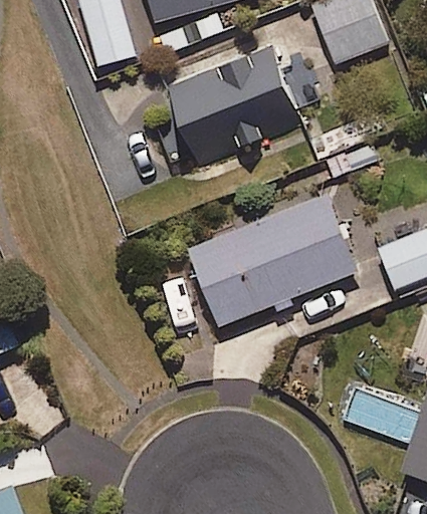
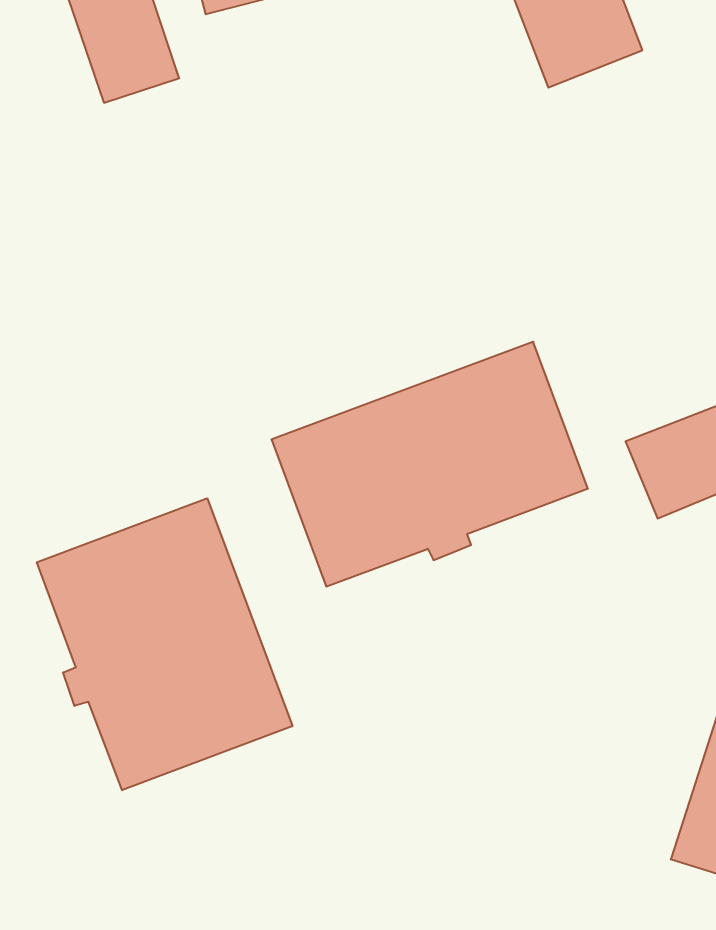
building: [160,48,304,169] -> none
building: none -> [37,498,292,790]

